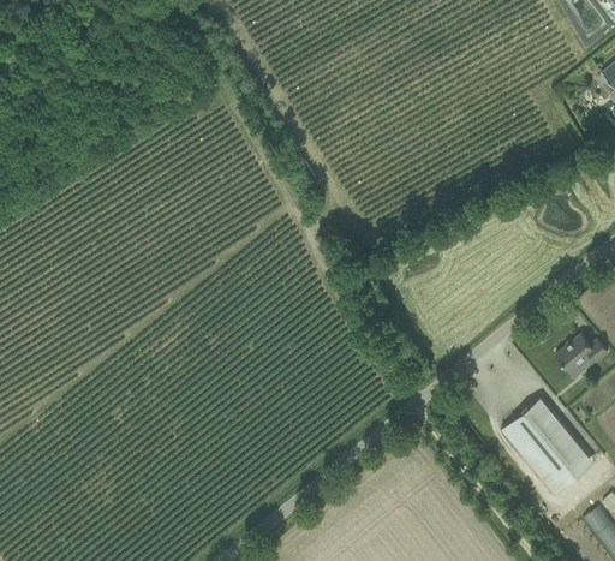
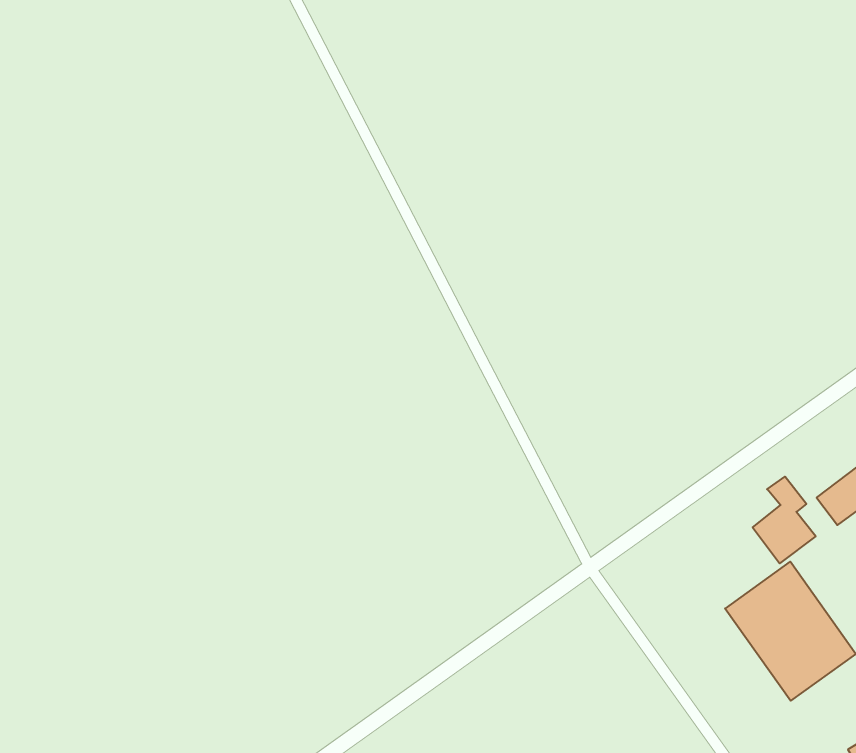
building: none -> [753,477,816,563]

